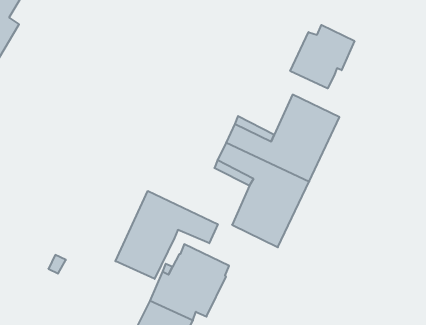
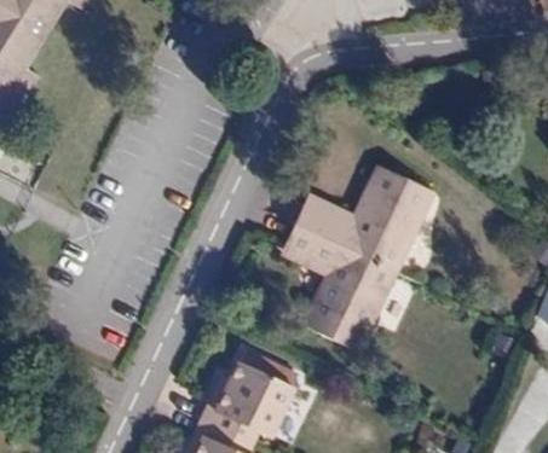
building: [290,25,354,88] -> none
building: [115,191,218,279] -> none

